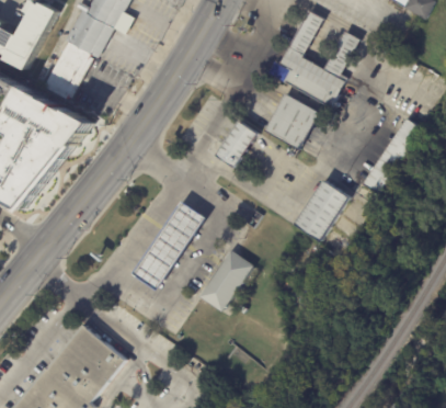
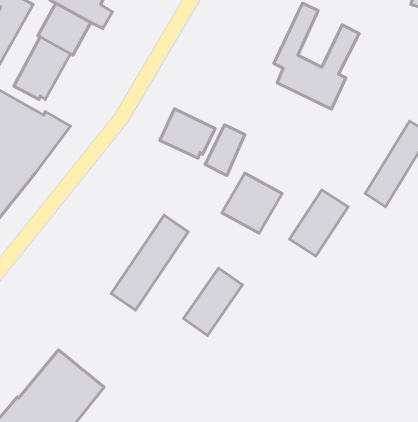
building: [263,94,318,149] -> [222,173,282,233]
building: none -> [160,109,215,158]

